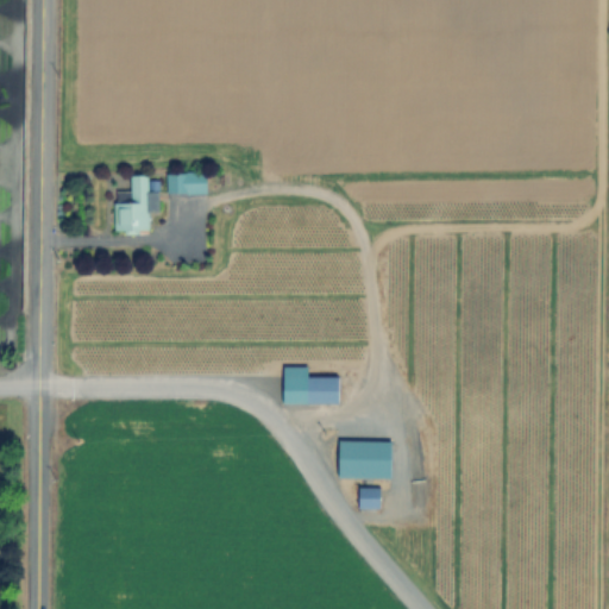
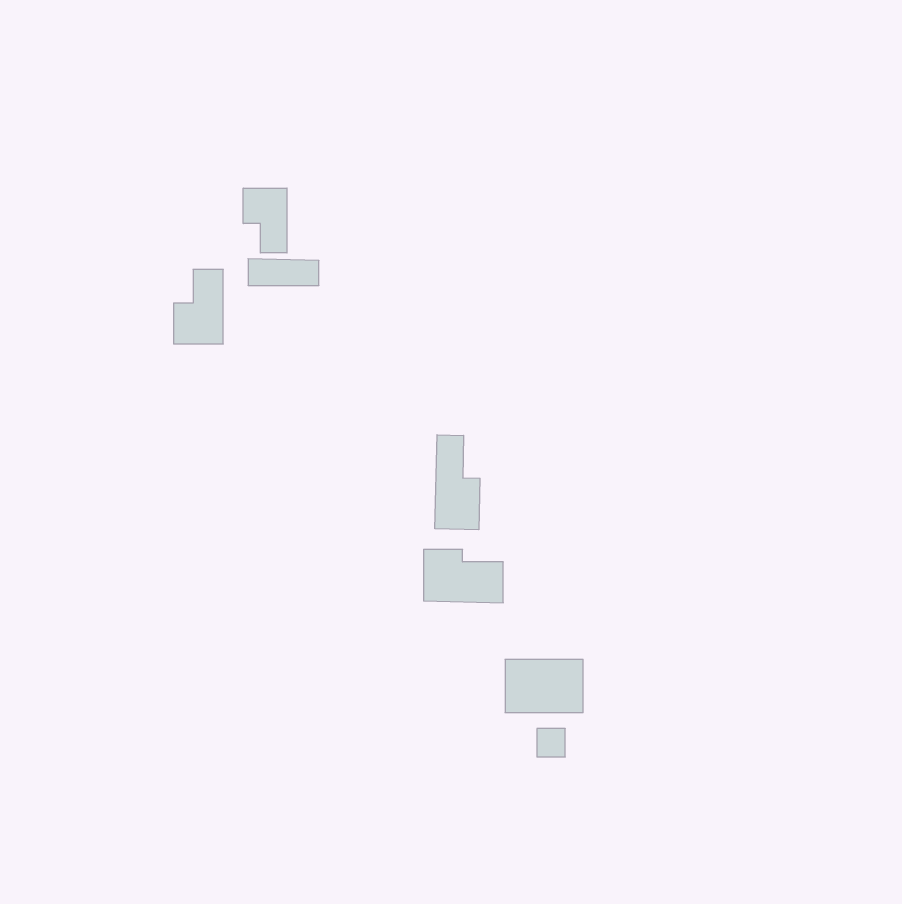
building: none -> [243,188,287,253]
building: none -> [435,435,480,530]

